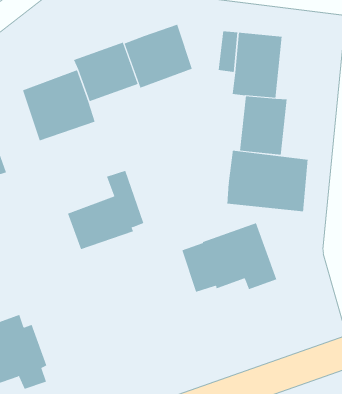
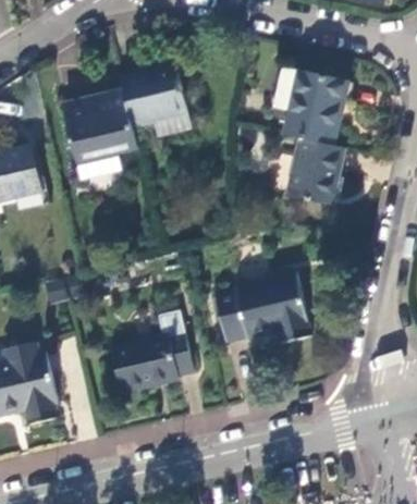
building: [124,24,192,88] -> none
building: [227,150,308,212] -> none
building: [67,170,144,250] -> [114,312,195,392]

